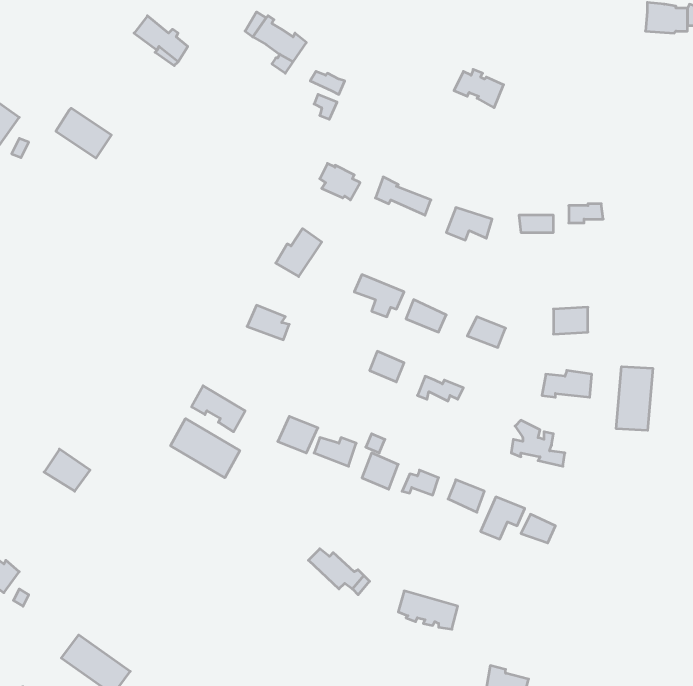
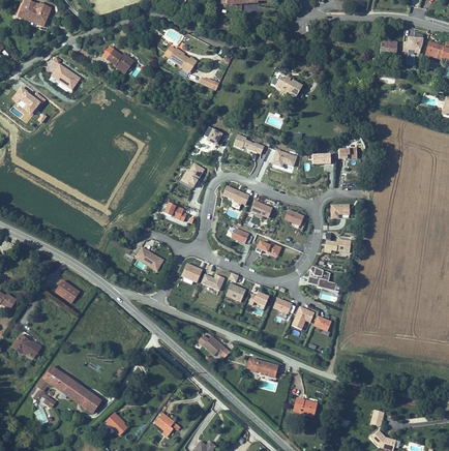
building: [56,108,111,158] -> [51,63,81,90]
building: [616,367,653,430] -> none
building: [171,419,240,478] -> none
building: none -> [43,365,73,393]

